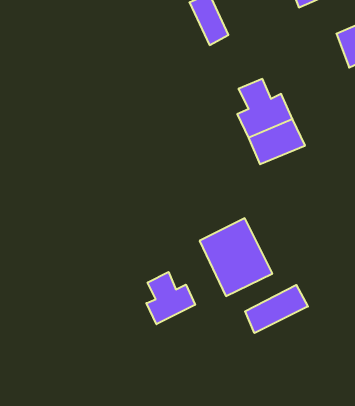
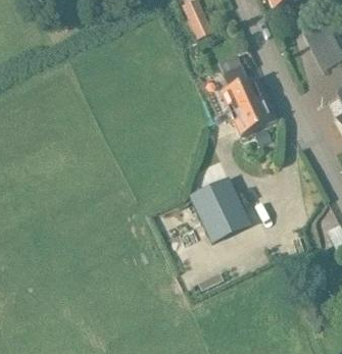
building: [146,272,195,324] -> none
building: [245,285,308,333] -> none

